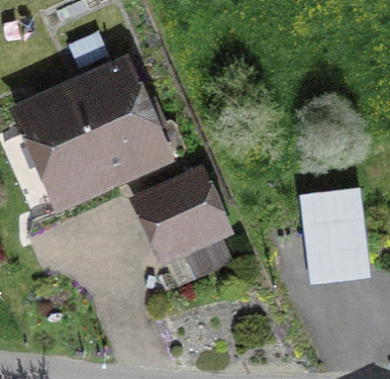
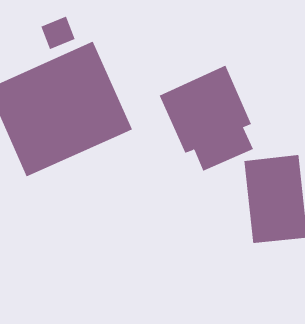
building: [128,165,235,285] -> [159,65,254,171]

